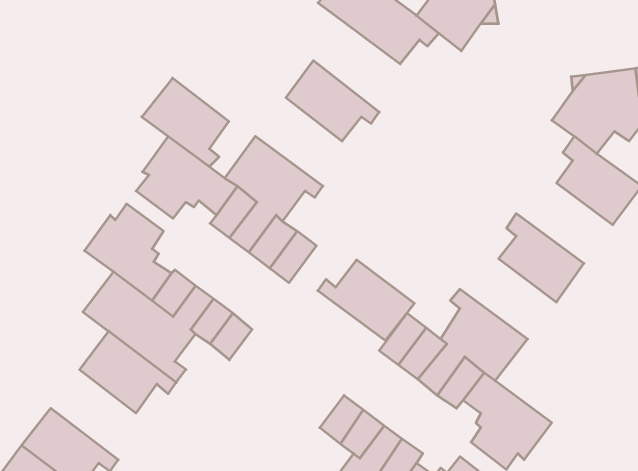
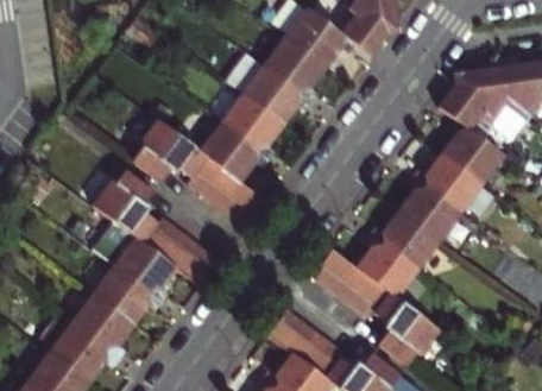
building: none -> [264,34,328,101]
building: [142,78,229,167] -> [221,90,285,156]
building: none -> [414,153,485,213]
building: [318,260,414,340] -> [372,209,443,269]
building: none -> [70,291,133,358]

